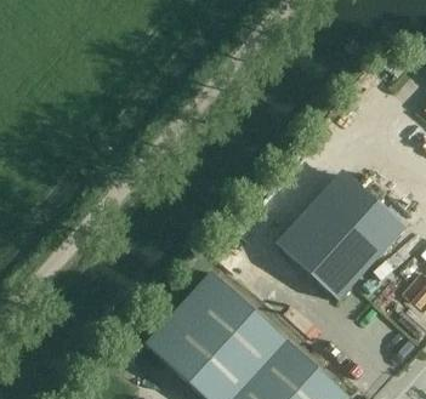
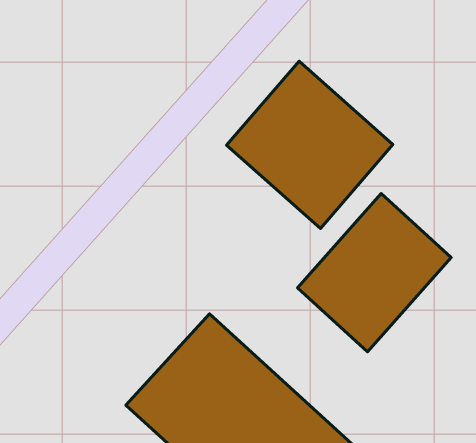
building: none -> [226,61,393,228]

